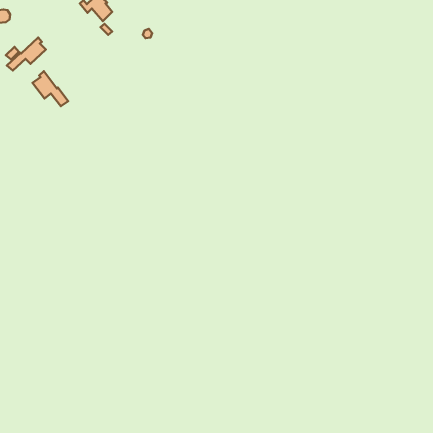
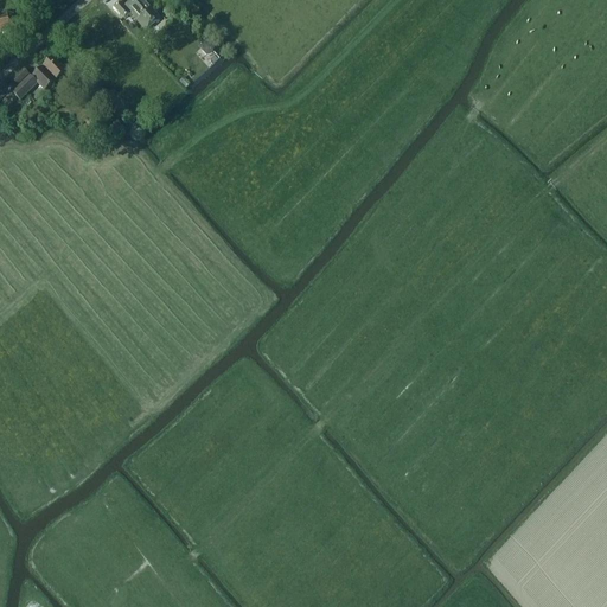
building: [33,71,68,106] -> none

